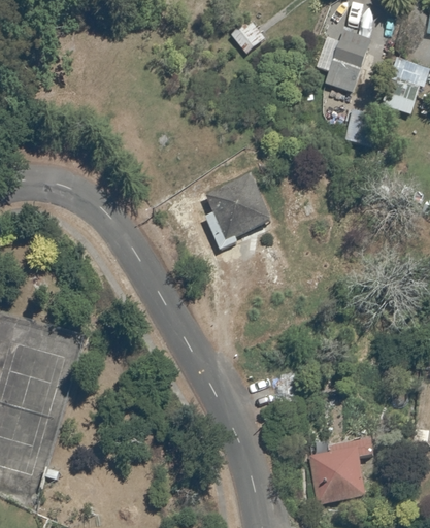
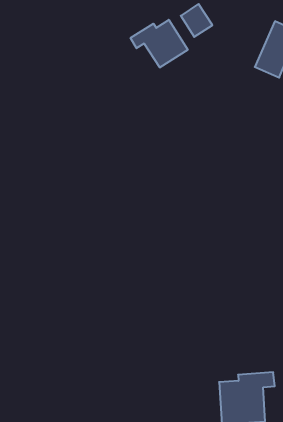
building: none -> [131,20,188,68]
building: [202,173,274,251] -> none

